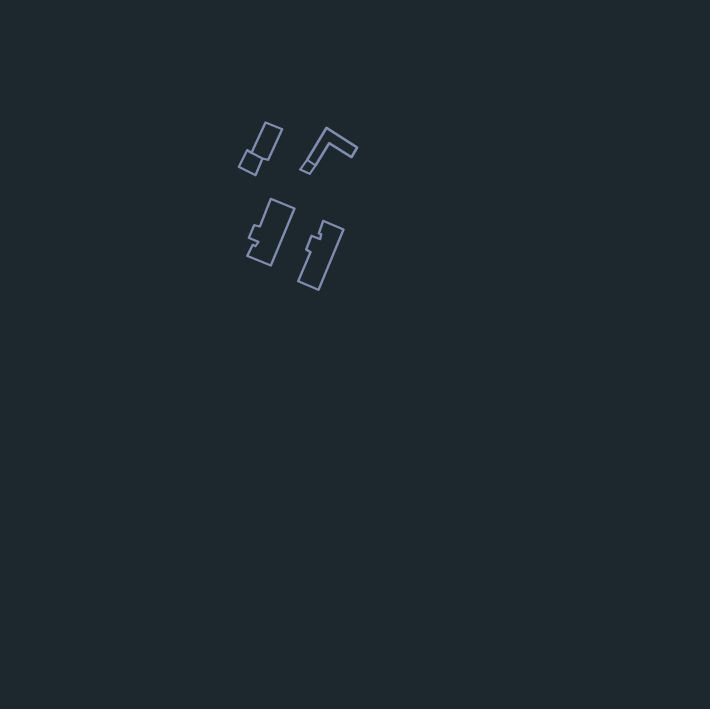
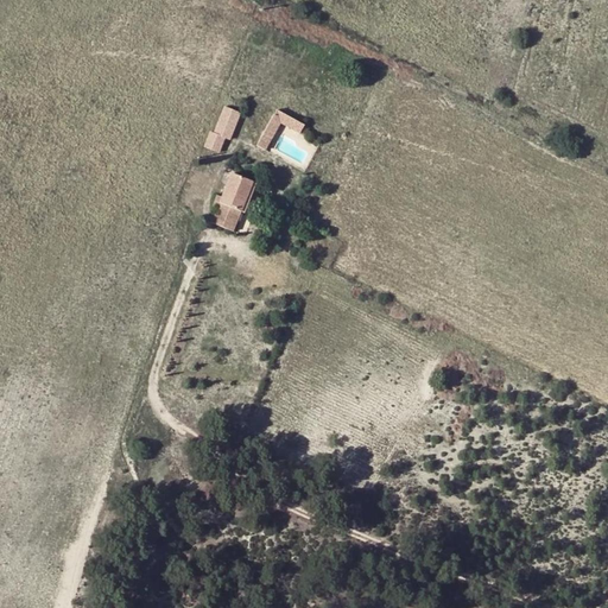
building: [298,221,343,290] -> none

